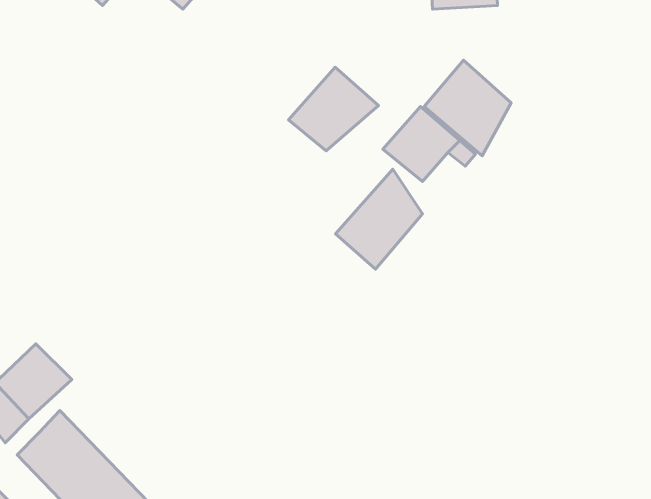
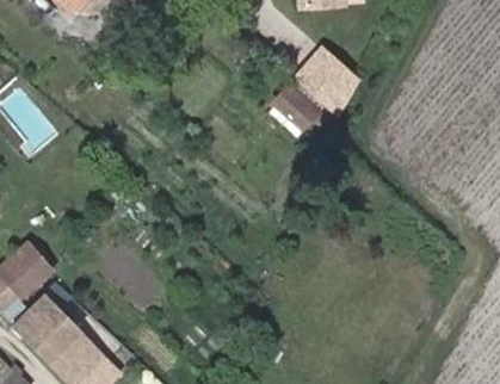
building: [289,67,378,151] -> none
building: [336,169,423,269] -> none

